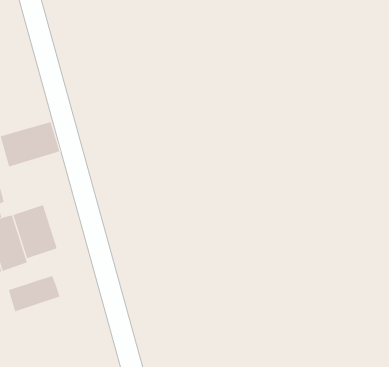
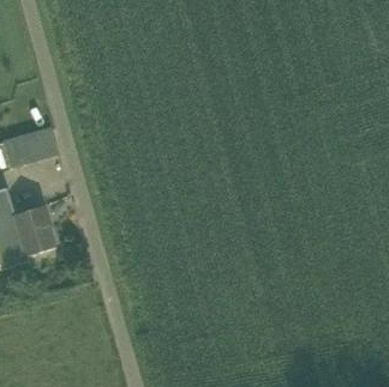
building: [8,275,60,312] -> none

